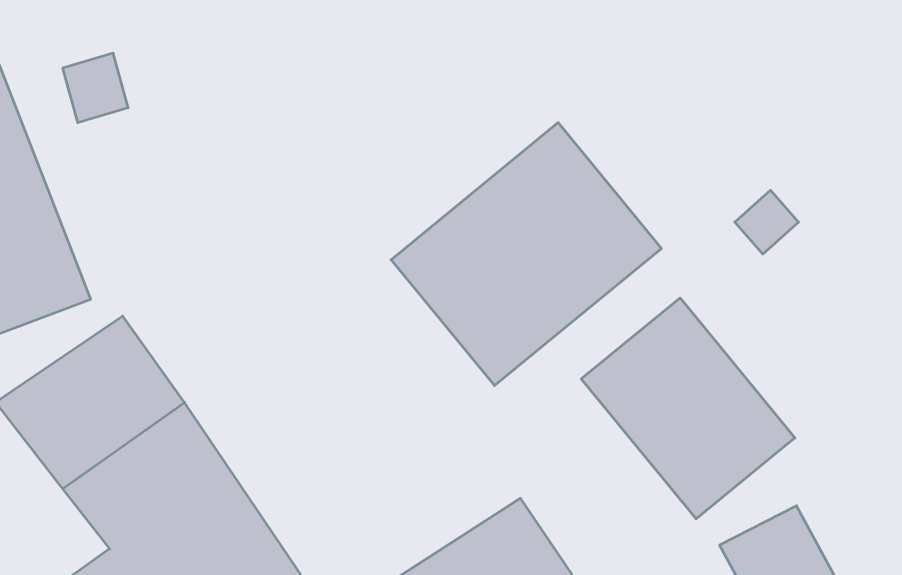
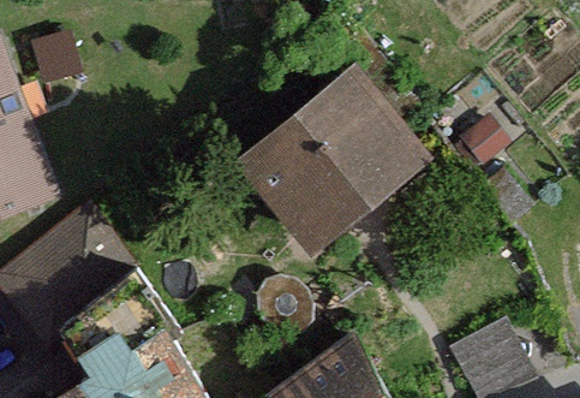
building: [581,298,795,519] -> none

